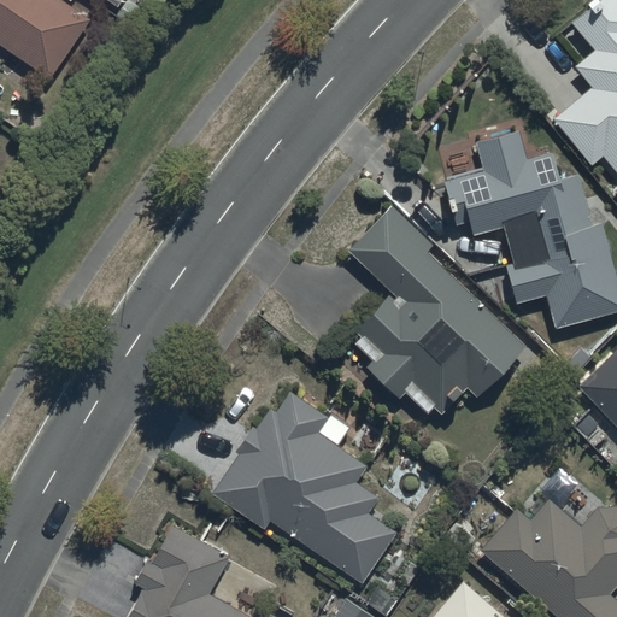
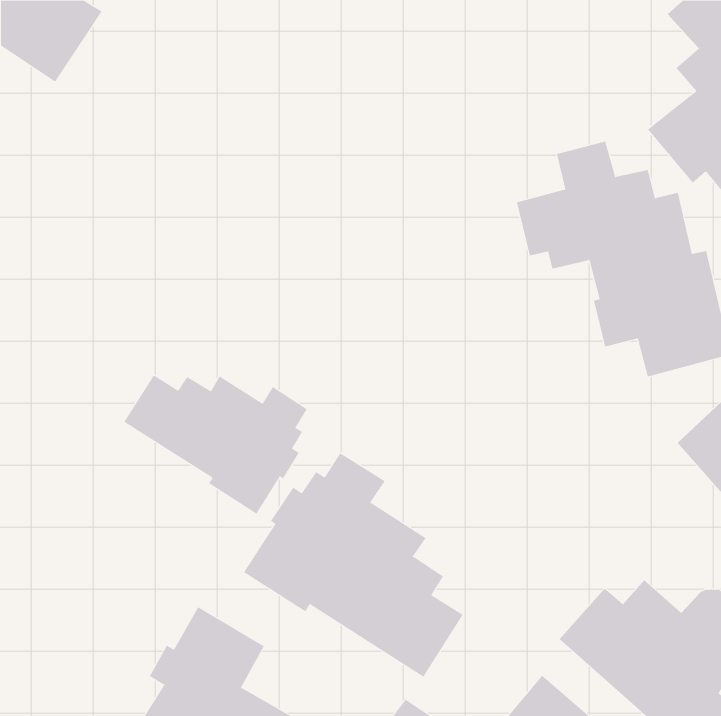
building: [351,205,527,416] -> none
building: none -> [123,374,308,514]

